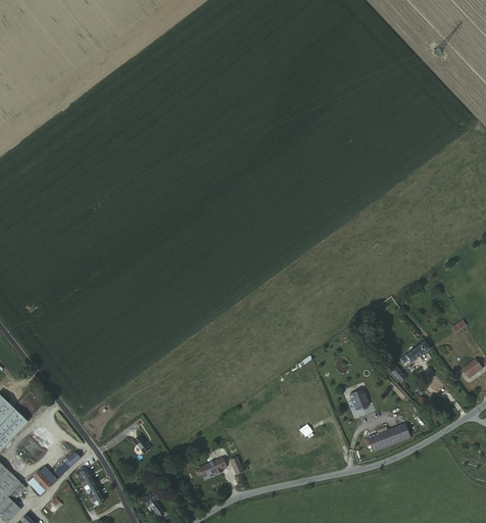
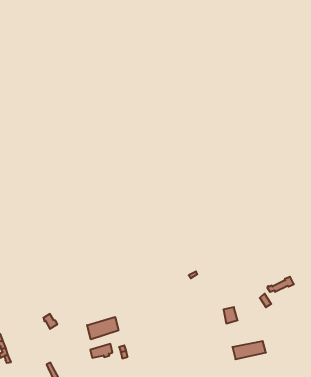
building: none -> [87,317,118,339]

